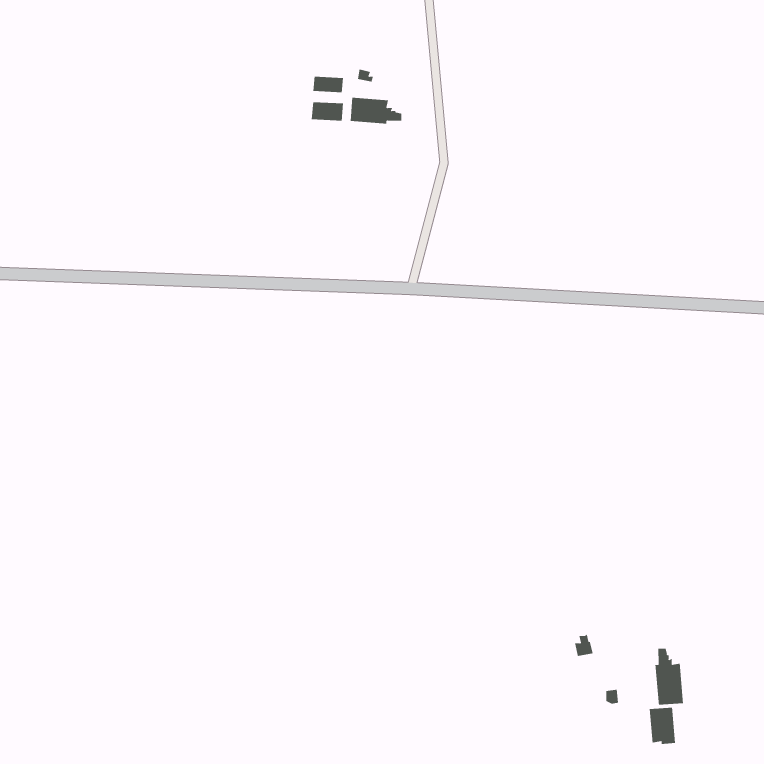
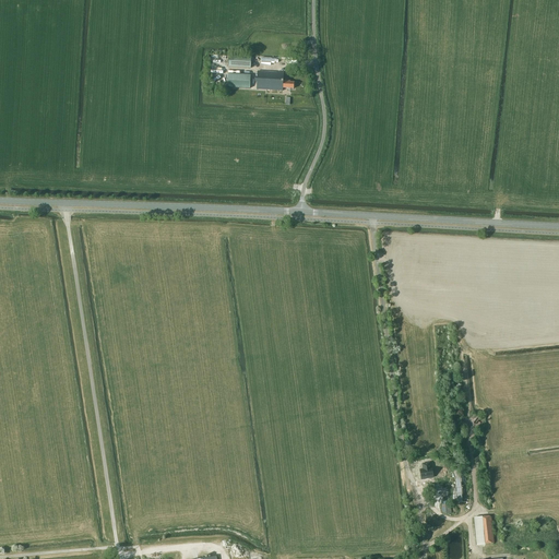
building: [655,648,684,706] -> none

